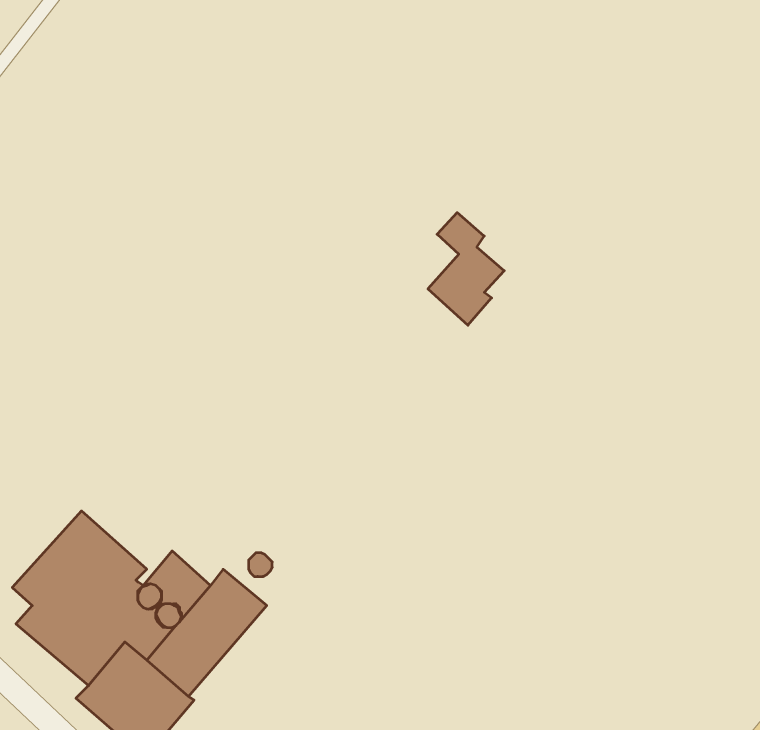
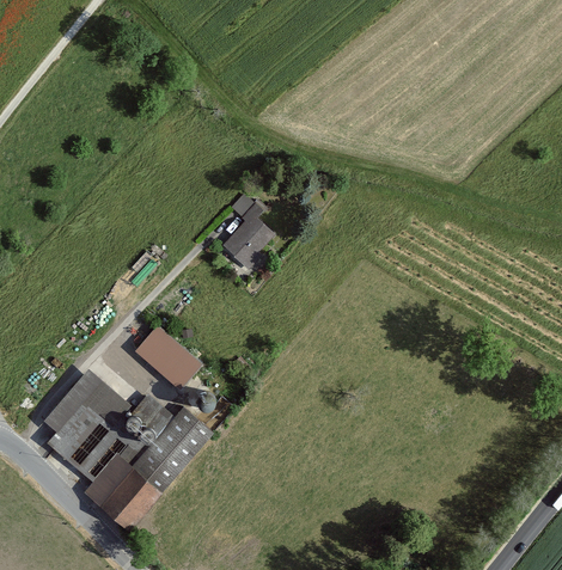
building: [428,213,504,325] -> [225,196,275,270]
building: none -> [136,326,203,391]

